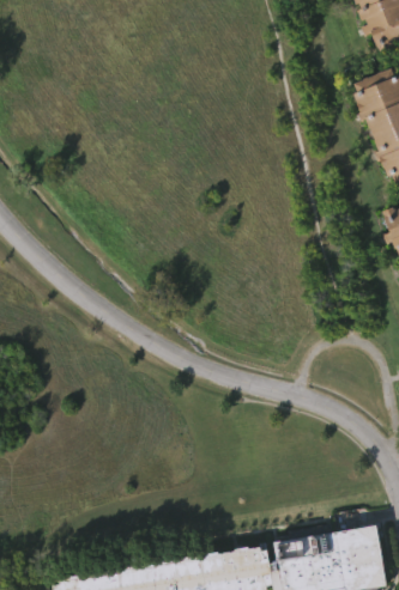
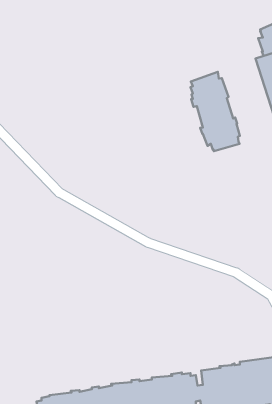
building: none -> [190,72,240,151]

